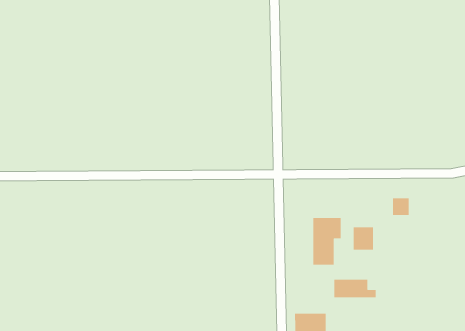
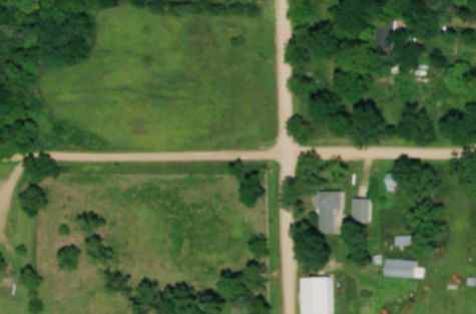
building: none -> [375,21,393,51]
building: [334,279,376,298] -> [385,261,422,278]

